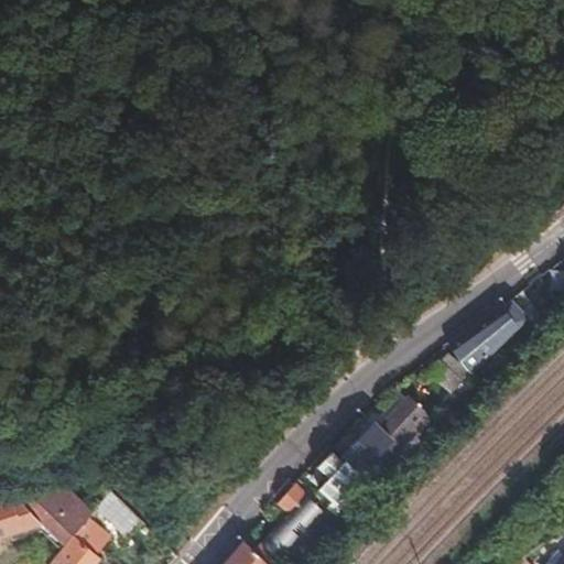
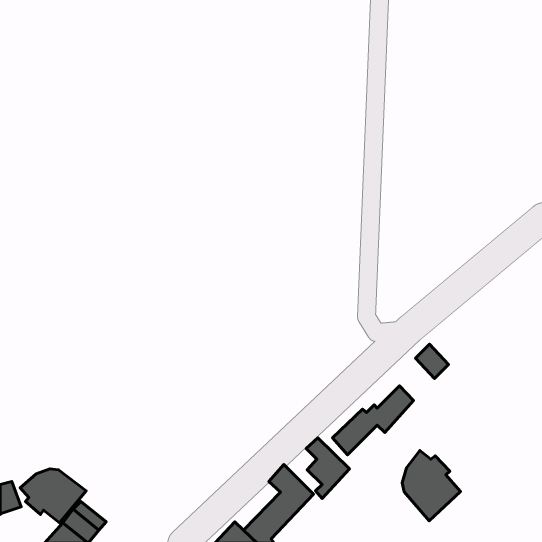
building: [452,306,524,375] -> none
building: none -> [402,450,461,521]

